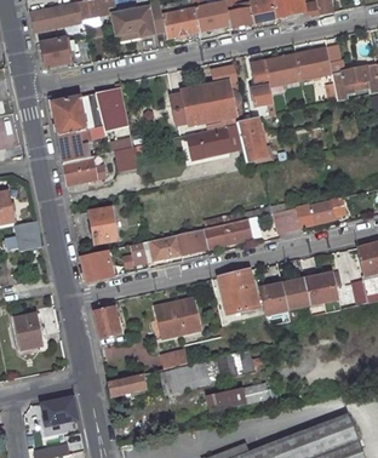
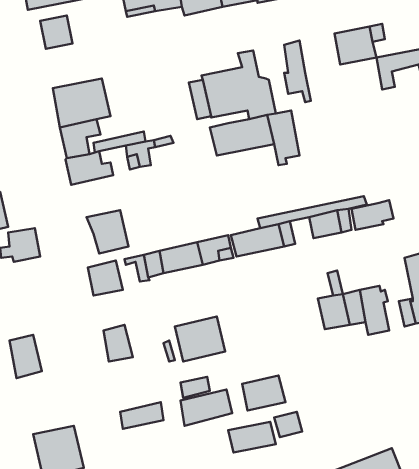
building: [265,53,300,87] -> none
building: [94,87,127,125] -> none
building: [219,269,258,313] -> none
building: [259,282,287,314] -> none

